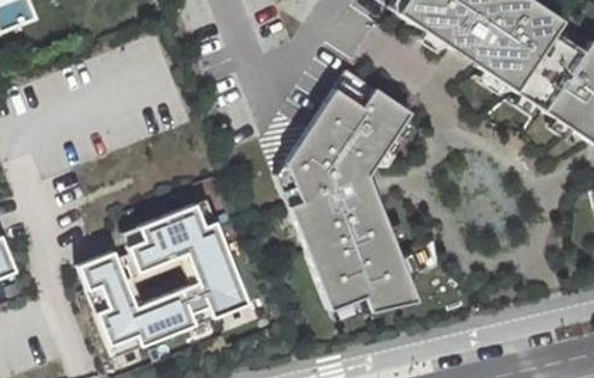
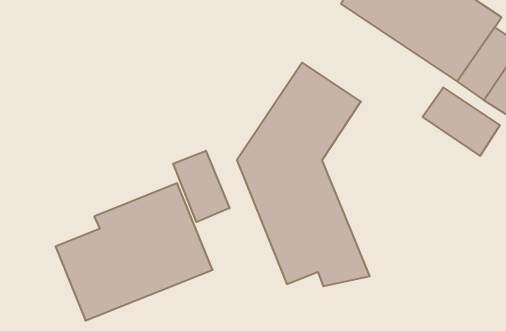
building: none -> [423,87,500,156]
building: none -> [173,151,230,222]

